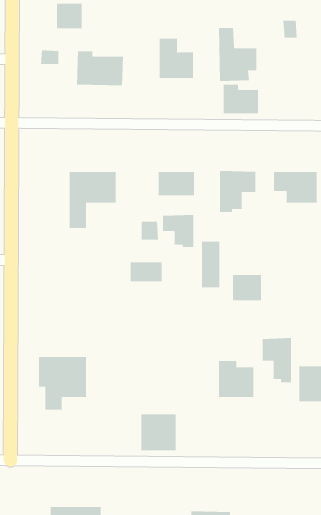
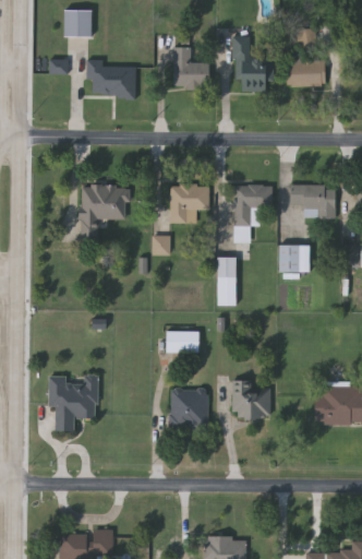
building: [223,84,259,114] -> [287,56,324,86]
building: [163,214,194,248] -> none
building: [130,262,163,282] -> [165,332,198,353]
building: [232,275,262,301] -> [278,245,309,272]
building: [262,337,291,383] -> none
building: [140,414,176,451] -> [170,390,207,428]

